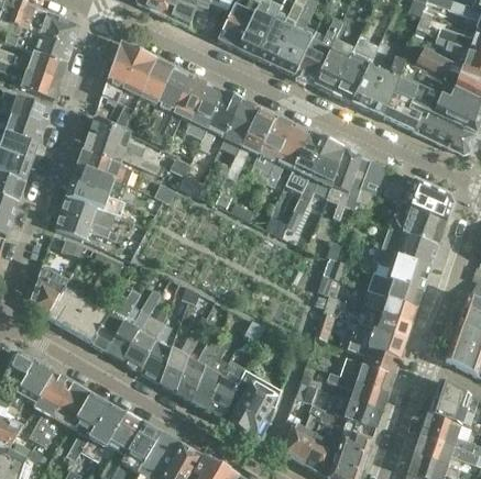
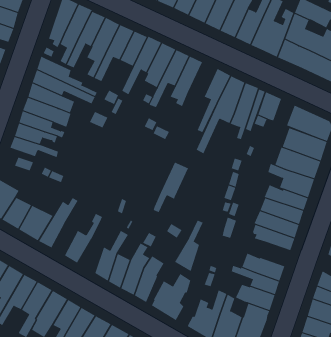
building: [266,123,310,186] -> [153,162,189,213]
building: [107,290,161,360] -> none
building: [139,319,175,382] -> [174,220,204,272]
building: [352,339,401,374] -> none

